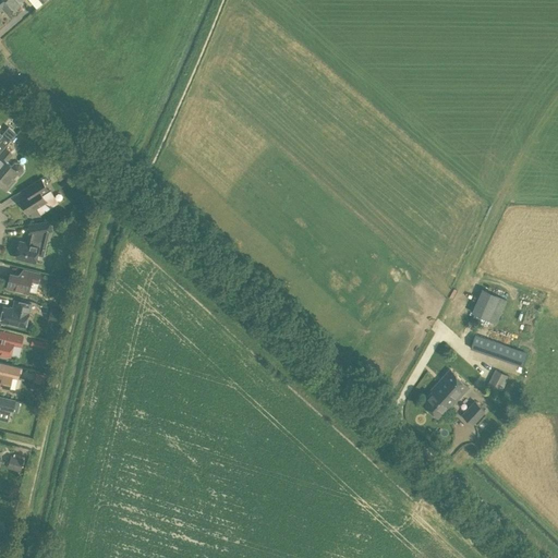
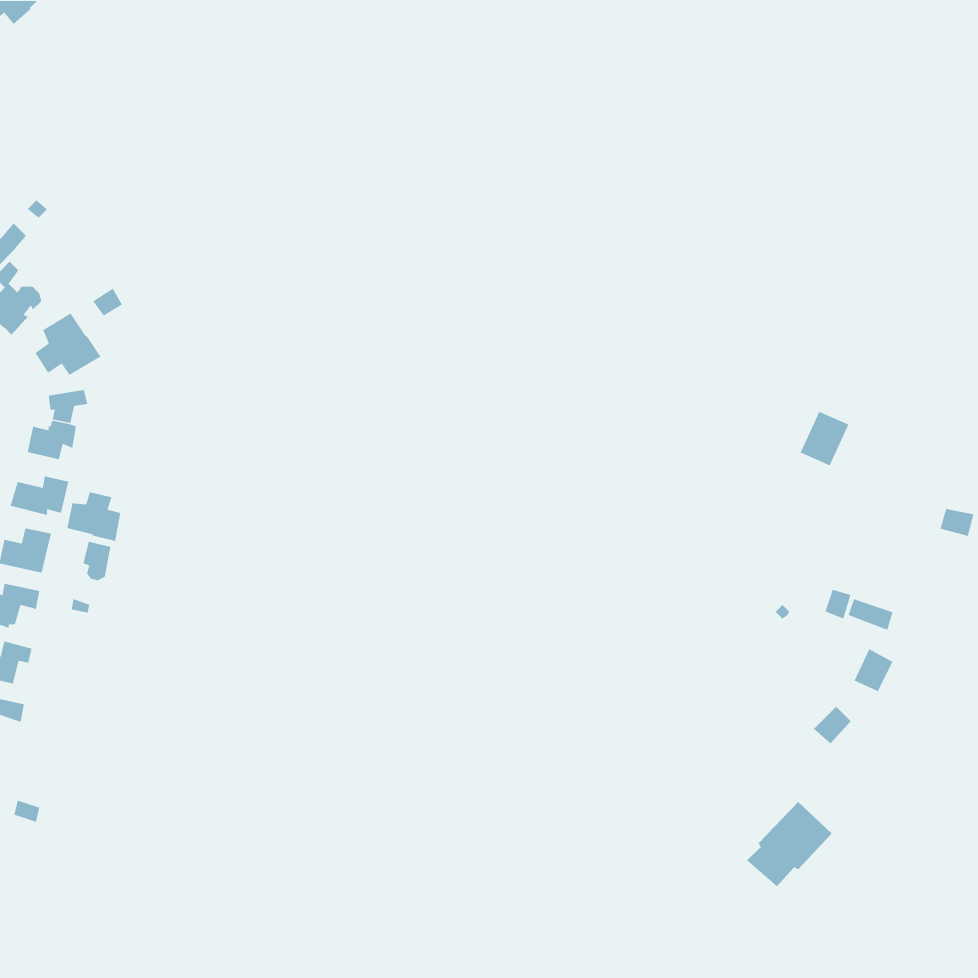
building: none -> [66,491,121,542]
building: [470,289,498,320] -> [800,411,849,466]
building: [418,368,468,417] -> [746,801,833,887]

